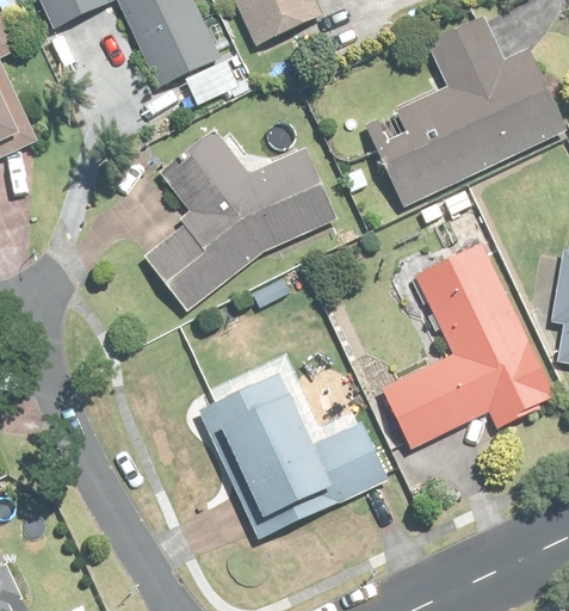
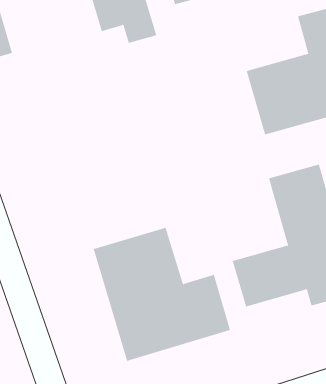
building: [141,119,339,309] -> none

